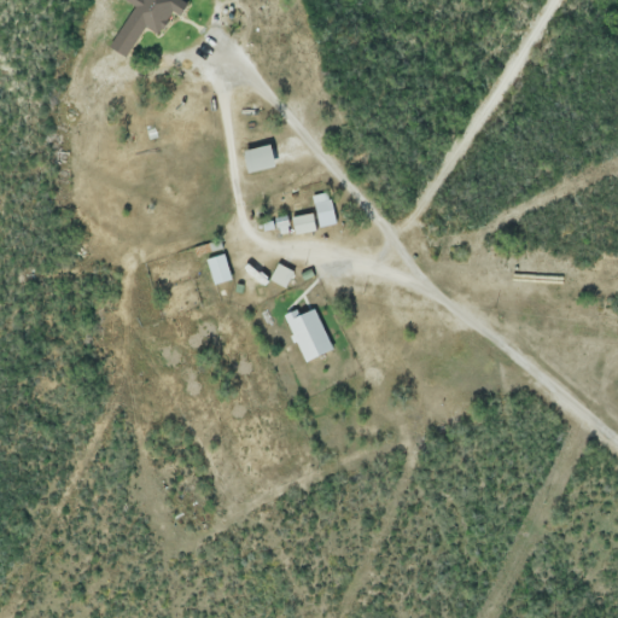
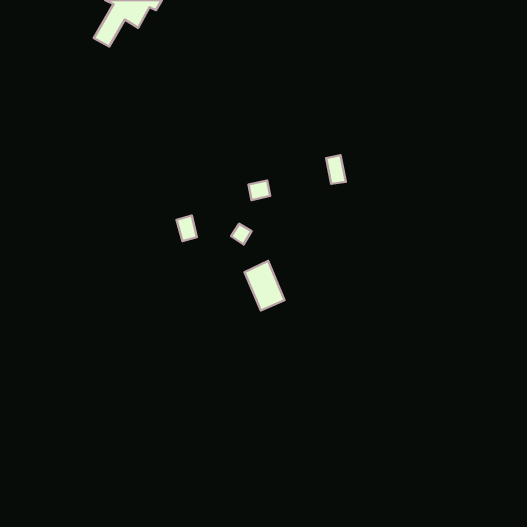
building: [244,144,274,171] -> none
building: [313,192,336,226] -> [326,155,346,184]

